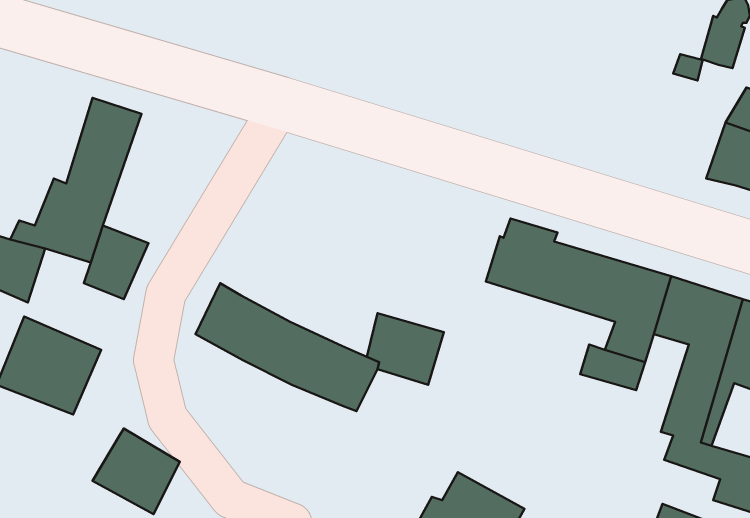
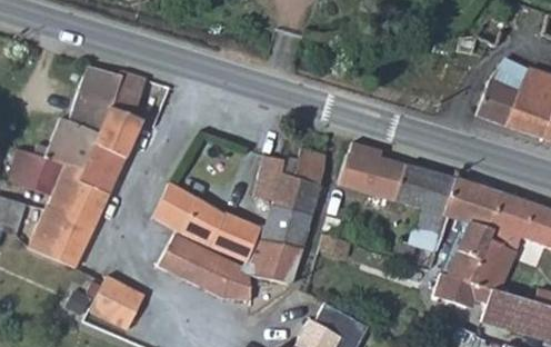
building: none -> [97,72,148,158]
building: none -> [257,148,330,215]
building: none -> [47,161,110,226]
building: none -> [160,235,253,300]
building: none -> [258,238,303,285]

